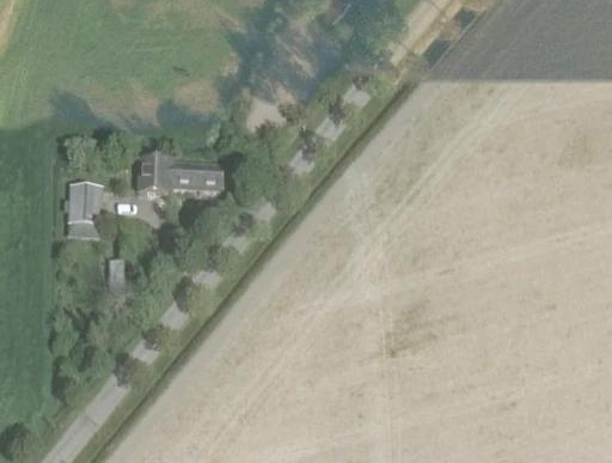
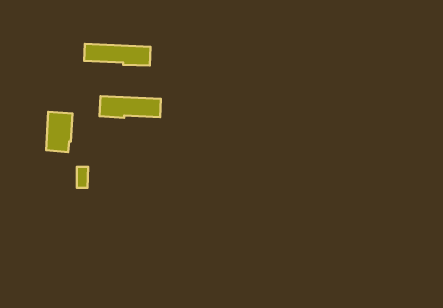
building: none -> [84,44,151,65]

